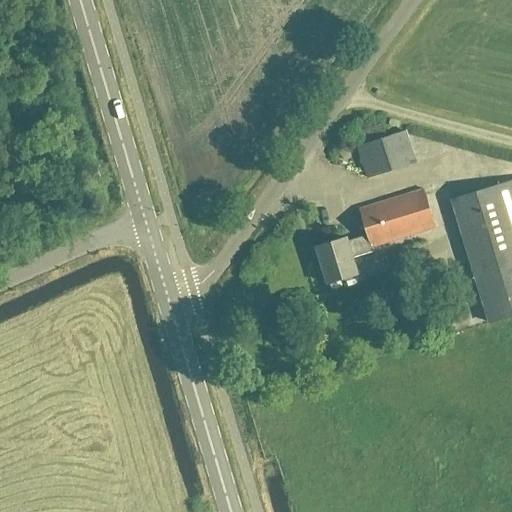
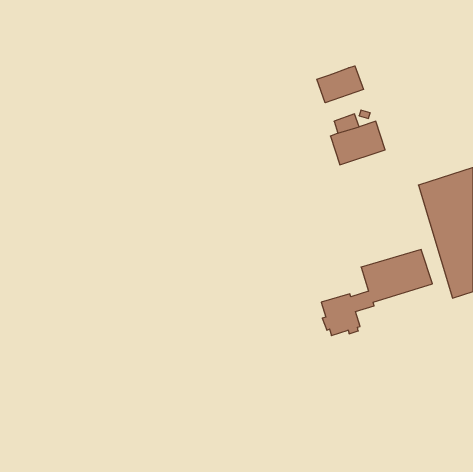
building: none -> [317,66,363,103]
building: [316,190,436,283] -> [321,250,432,336]

